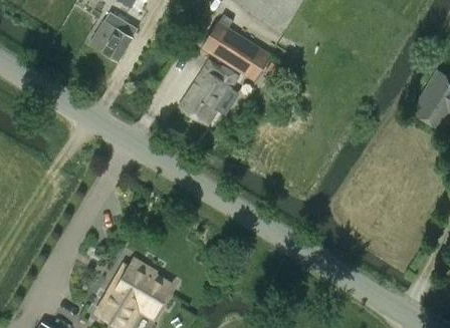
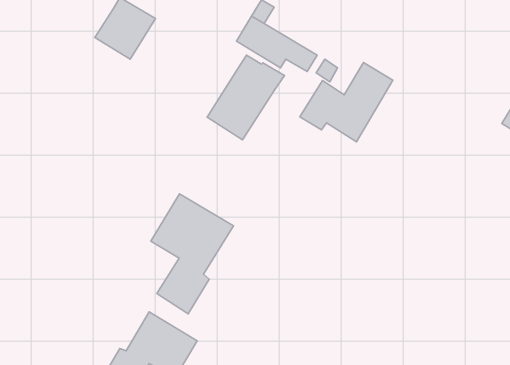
building: none -> [300,62,393,142]
building: none -> [151,194,233,314]

